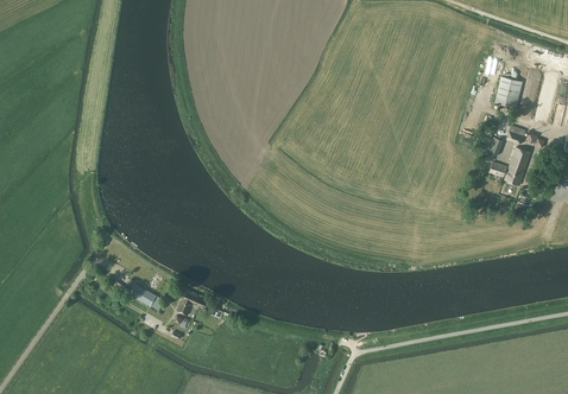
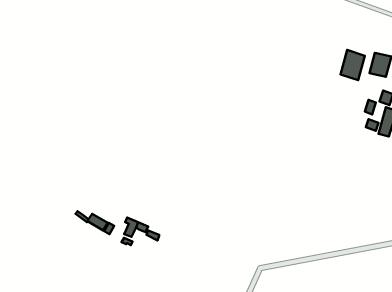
building: none -> [340,50,365,80]

